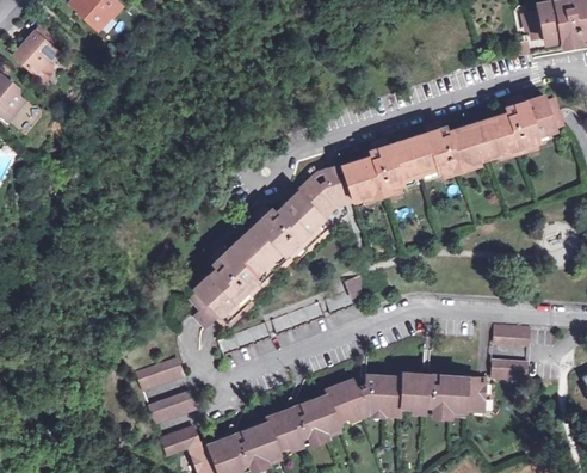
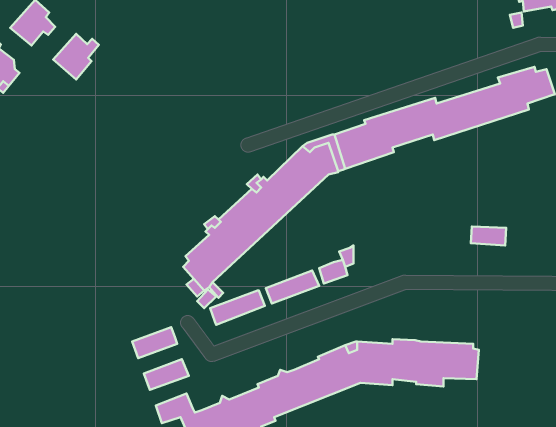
building: none -> [53,34,99,79]
building: [495,326,531,345] -> [471,227,506,246]
building: [493,361,527,380] -> none

